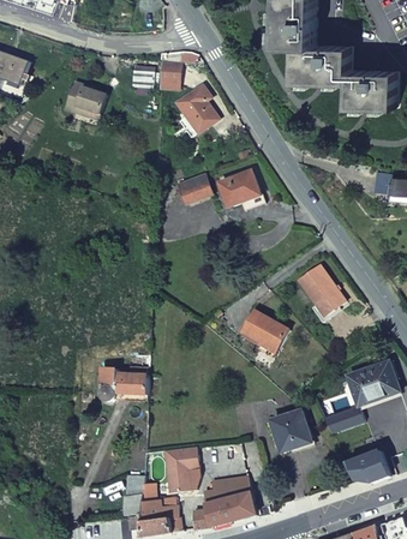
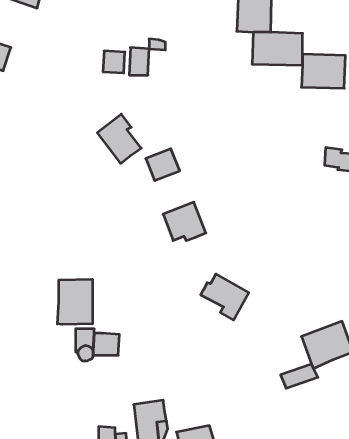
building: [61,80,109,121] -> none
building: [173,82,221,136] -> [97,114,141,163]
building: [217,168,264,210] -> [163,202,206,241]
building: [295,263,346,321] -> none
building: none -> [57,279,92,324]
building: [267,407,312,453] -> none
building: [342,449,388,481] -> none

